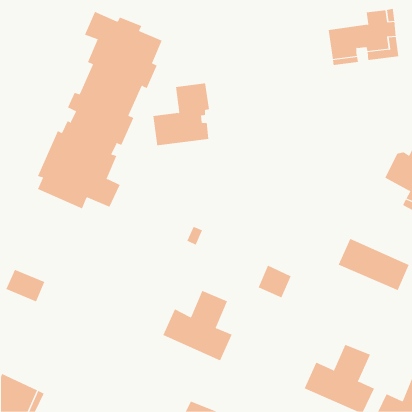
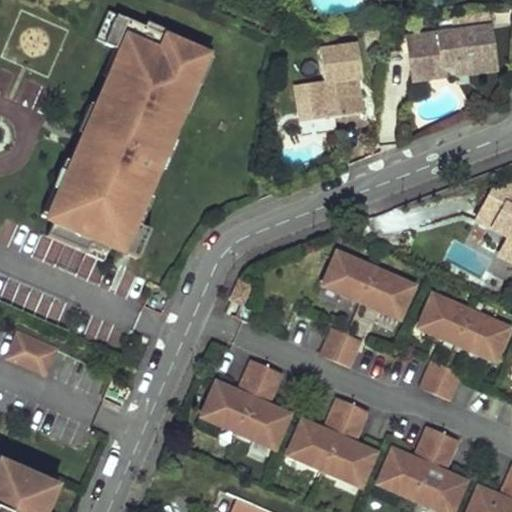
building: [153,83,210,146] -> [294,43,365,121]
building: none -> [324,254,412,318]
building: none -> [419,361,461,401]
building: none -> [288,397,374,484]

